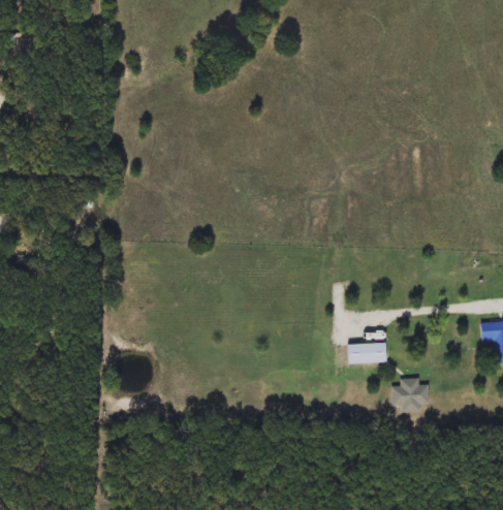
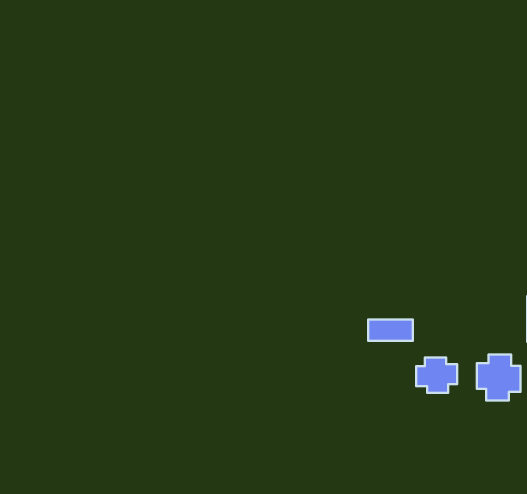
building: none -> [477,354,521,400]

